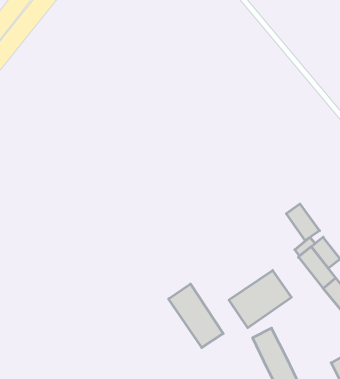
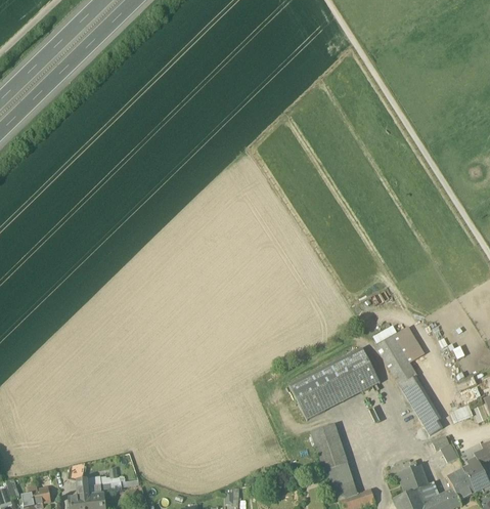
building: [286,204,320,240] -> [345,348,381,391]
building: [169,284,223,348] -> none

